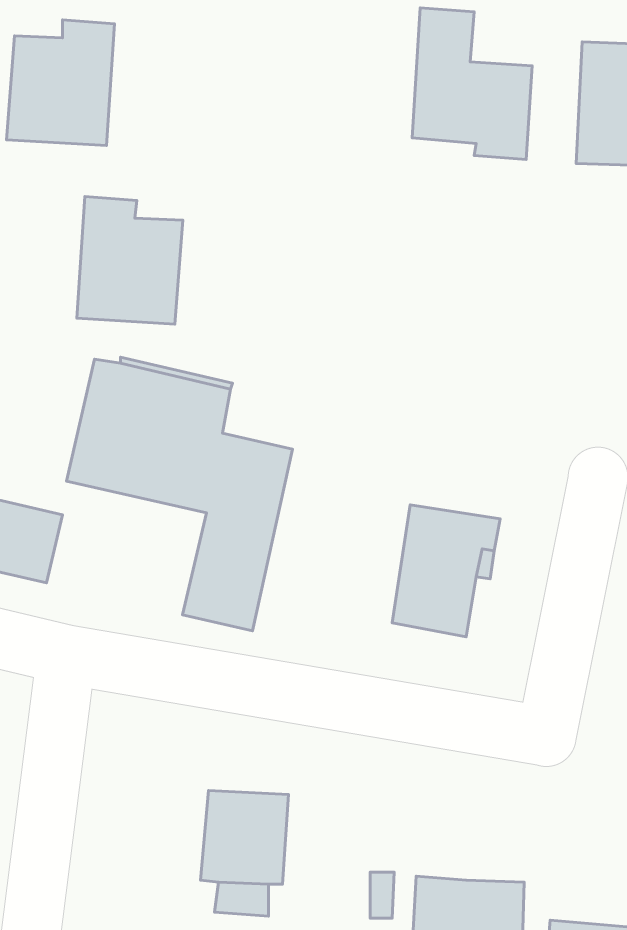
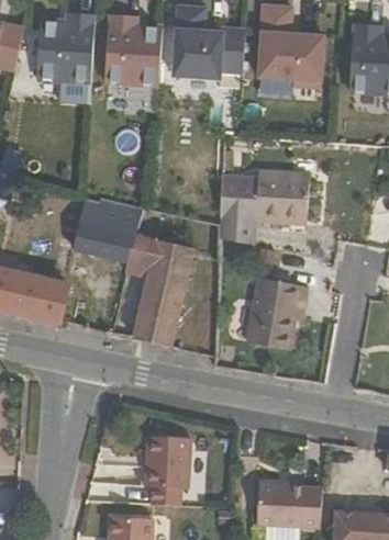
building: none -> [174,7,245,78]
building: [77,196,183,324] -> [104,18,163,88]
building: none -> [219,171,310,245]

